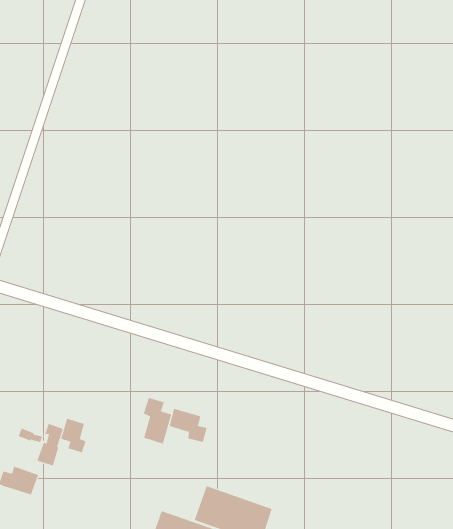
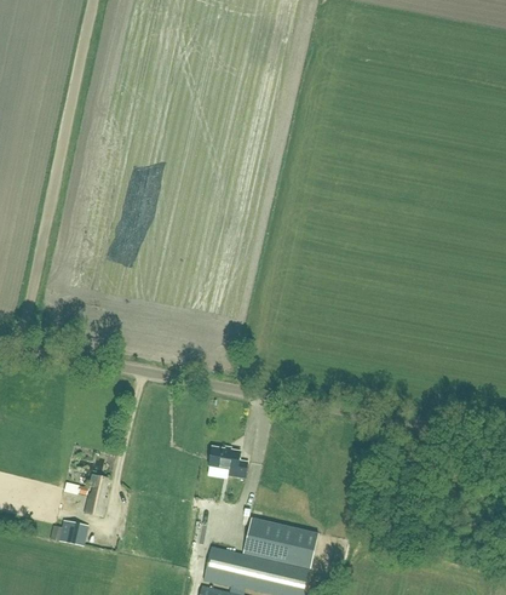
building: [143,397,172,444] -> none
building: [61,418,86,453] -> none

